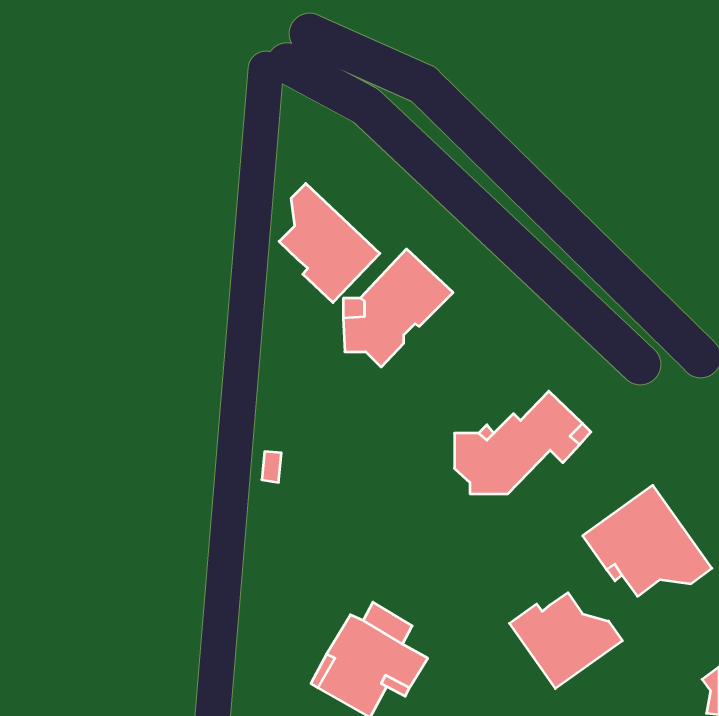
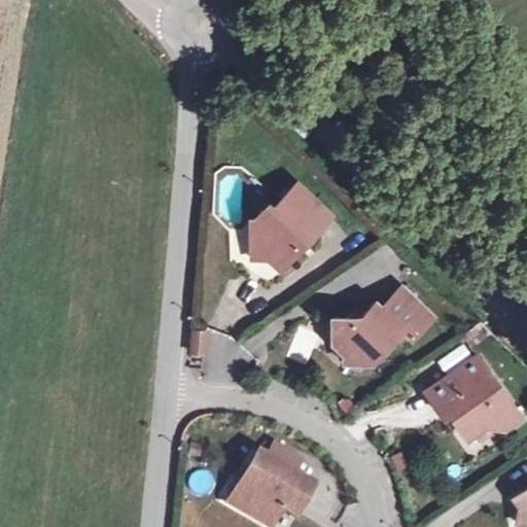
building: [279,183,380,303] -> none
building: [509,593,622,689] -> none

